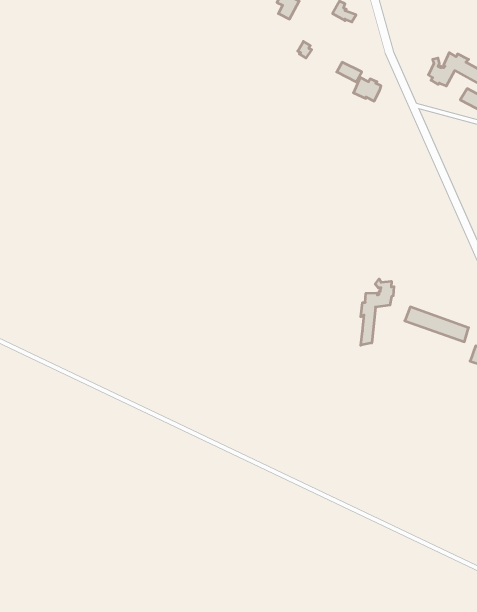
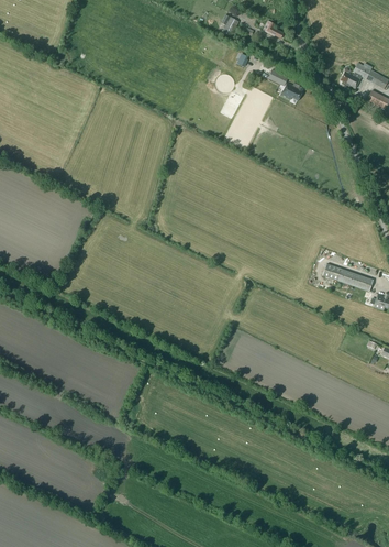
building: [361,279,394,345] -> none

